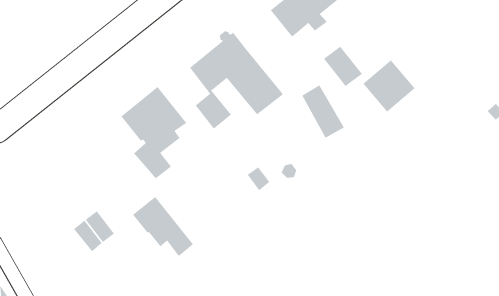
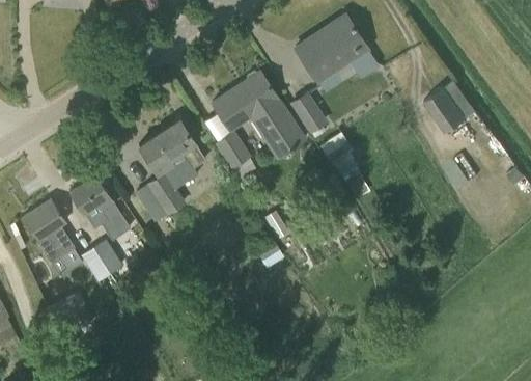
building: [323,46,363,87] -> [289,91,328,133]
building: [362,59,416,112] -> [422,80,475,133]
building: none -> [23,200,75,262]
building: [132,196,194,257] -> [69,176,129,240]

